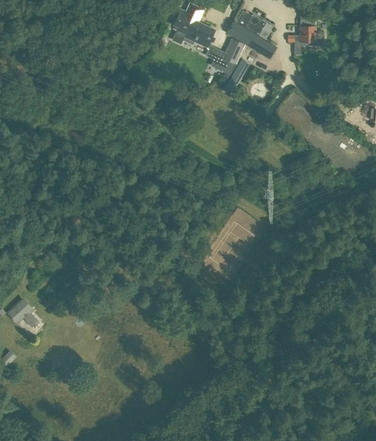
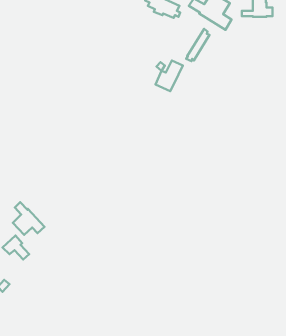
building: [211,38,243,74] -> [156,60,183,91]
building: none -> [13,202,45,235]

